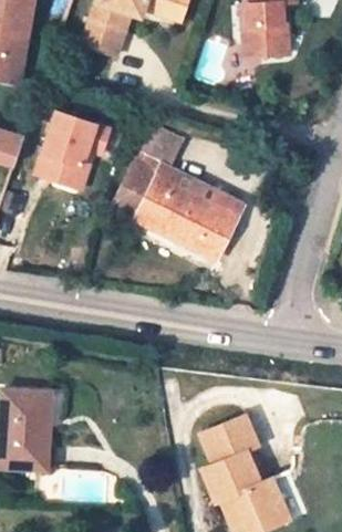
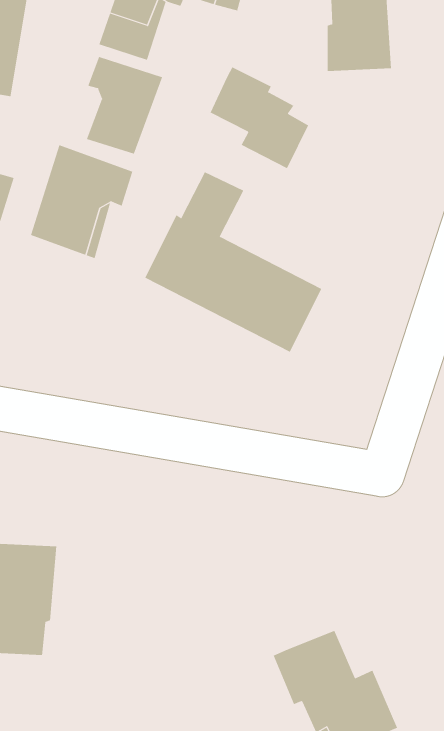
building: none -> [86,56,163,155]
building: none -> [210,66,309,169]
building: [201,415,258,463] -> none

